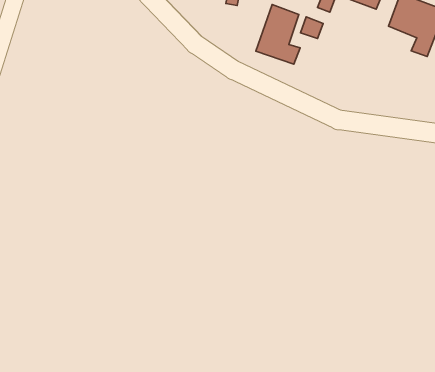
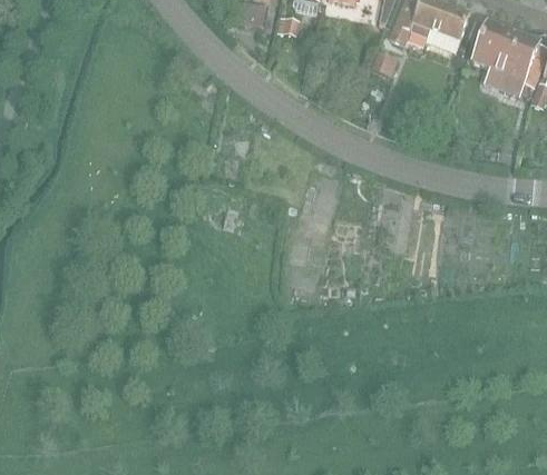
building: [256,5,300,64] -> none

